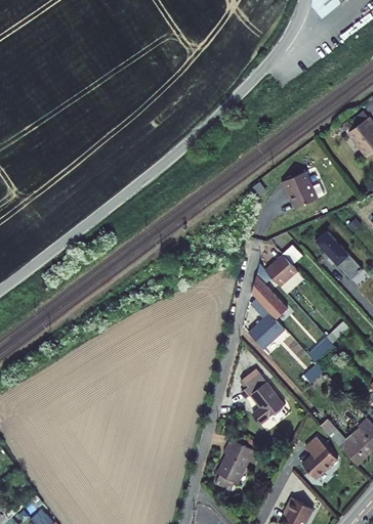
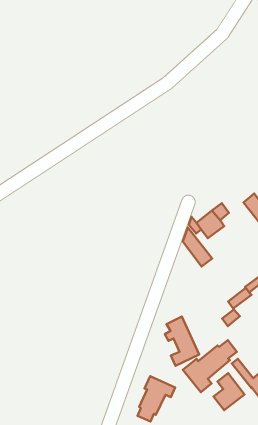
building: [278,178,314,215] -> none
building: [248,296,285,347] -> none
building: none -> [183,340,237,392]

